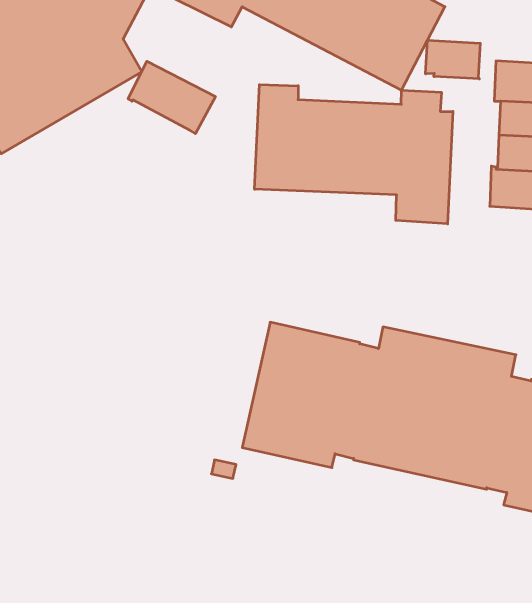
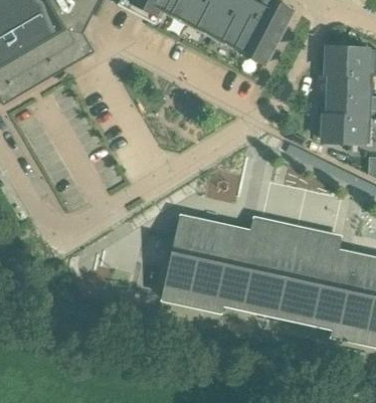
building: [426,40,480,79] -> none
building: [128,61,215,134] -> none
building: [255,85,453,224] -> none

